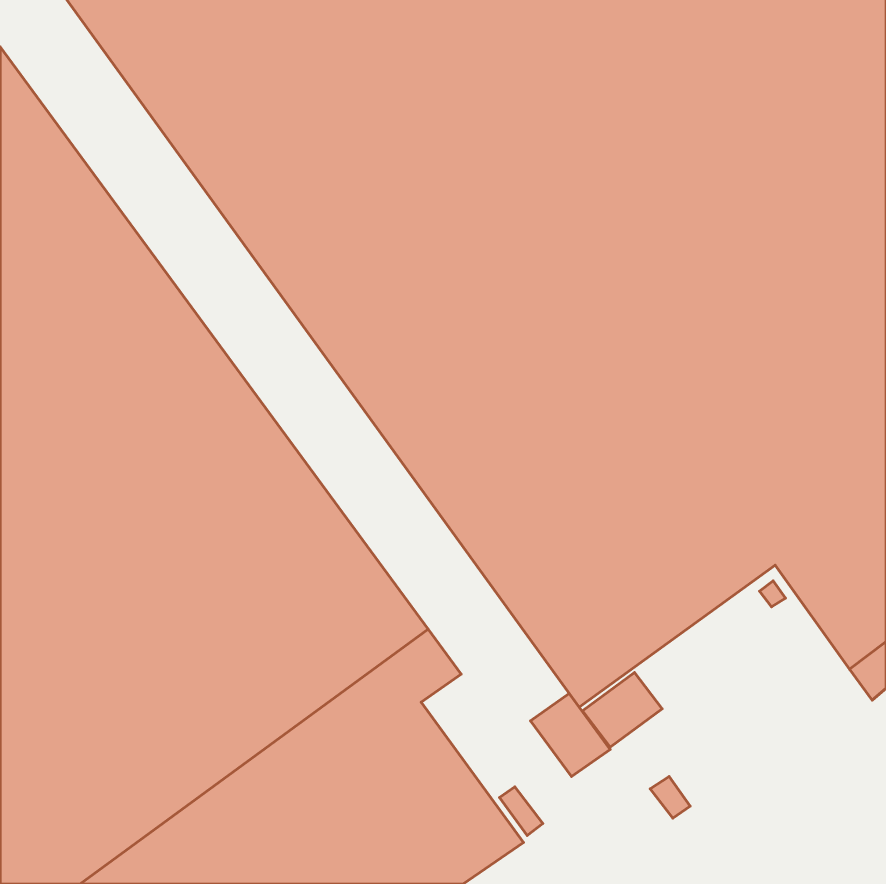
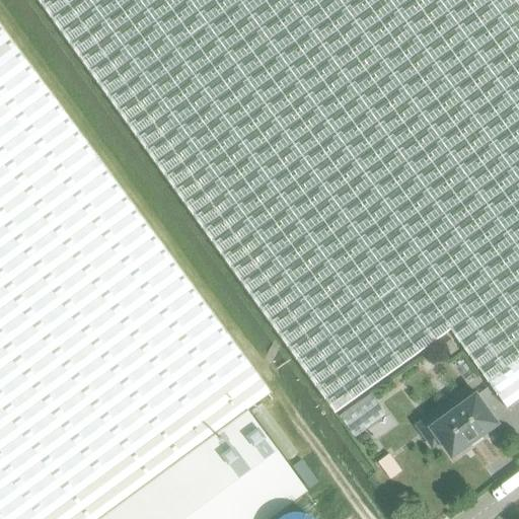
building: none -> [419,391,500,458]
building: [531,694,610,777] -> none

